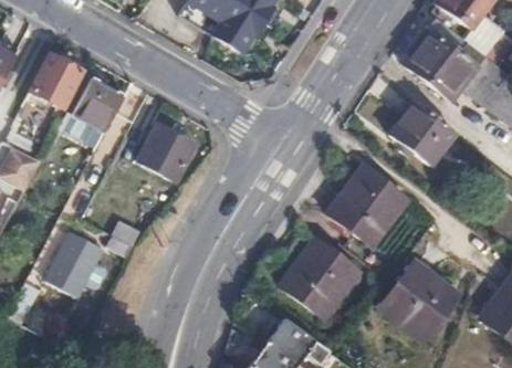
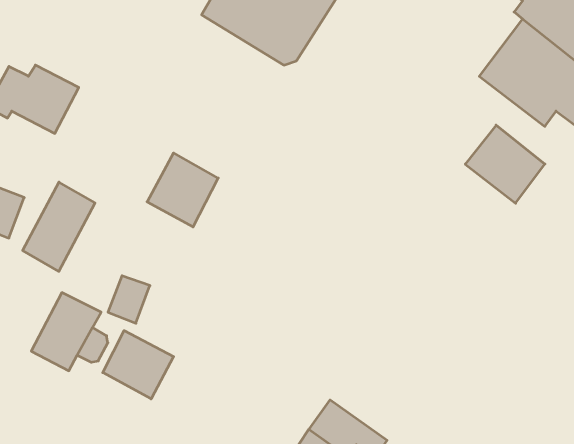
building: [69,76,126,147] -> [23,182,95,271]
building: [324,167,405,245] -> none
building: [280,239,357,318] -> none
building: [379,260,457,339] -> none
building: none -> [103,331,174,399]

